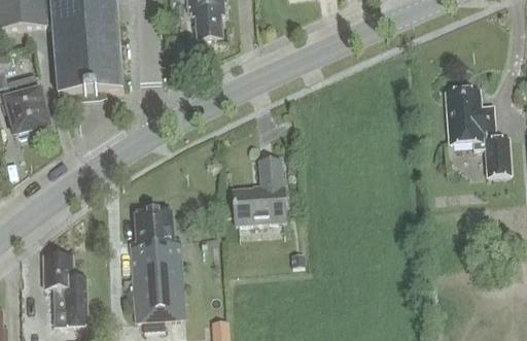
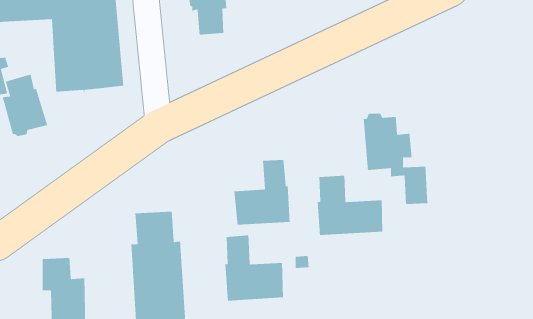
building: [444,84,507,174] -> [363,113,428,205]
building: none -> [317,175,383,236]
building: none -> [225,235,284,302]

